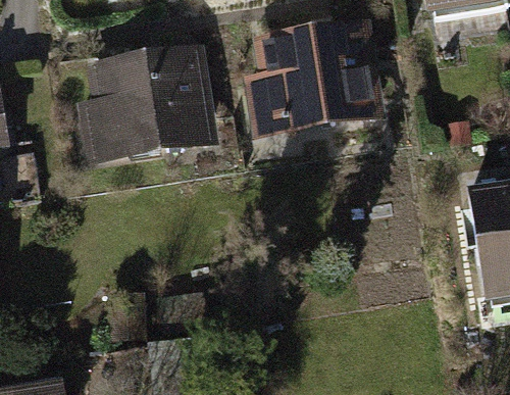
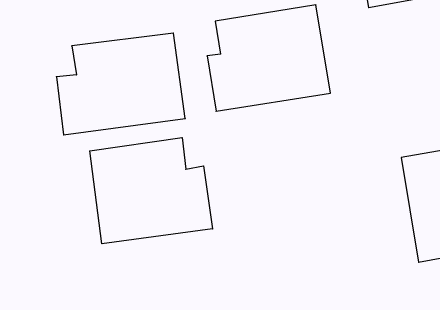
building: none -> [90,138,213,244]

